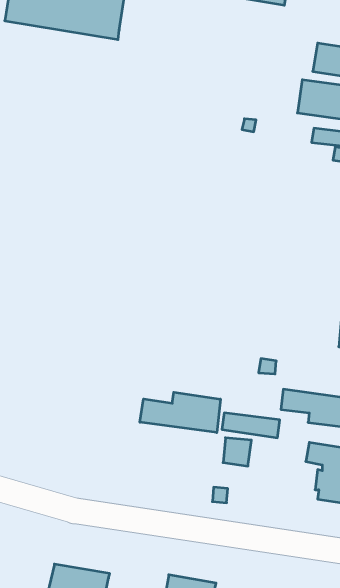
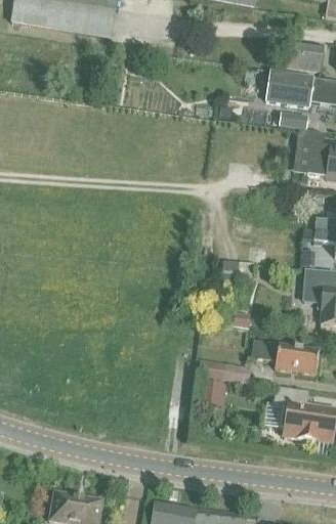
building: [140,392,220,433] -> none

